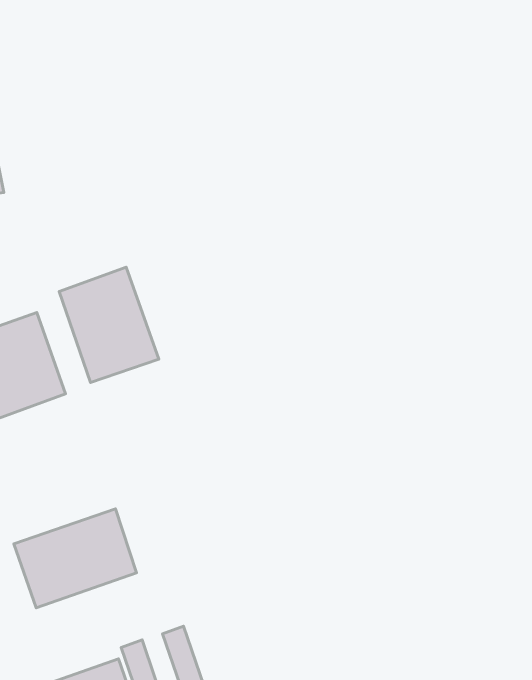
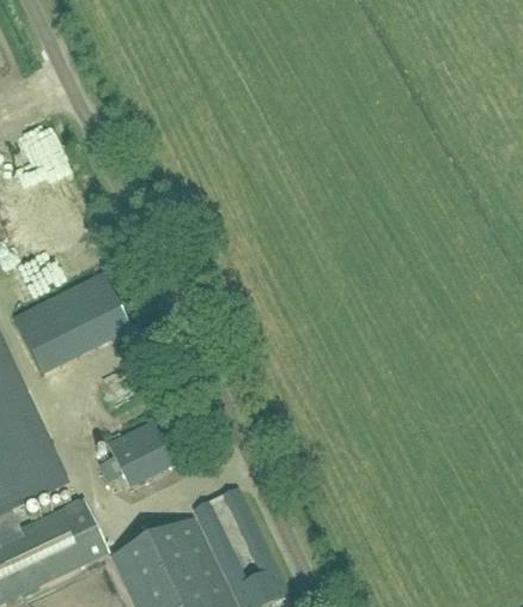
building: [59,267,159,383] -> none

